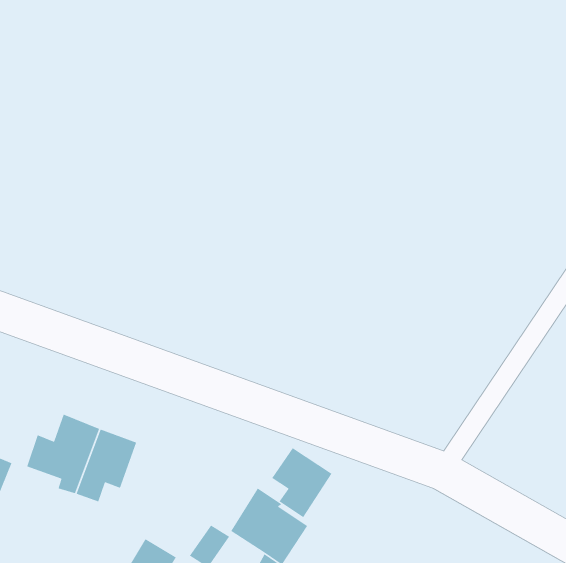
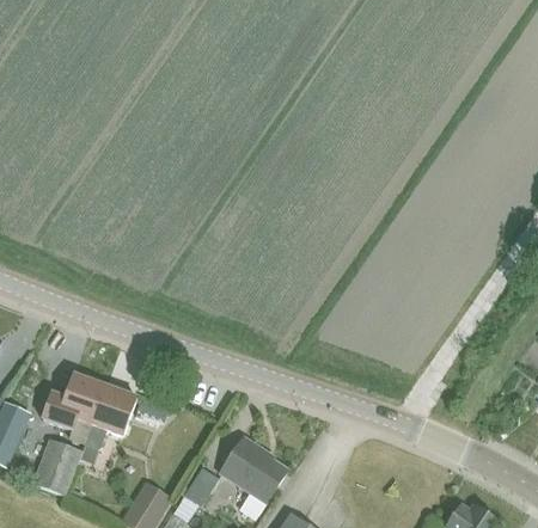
building: [271,447,333,518] -> none
building: none -> [32,437,82,495]

